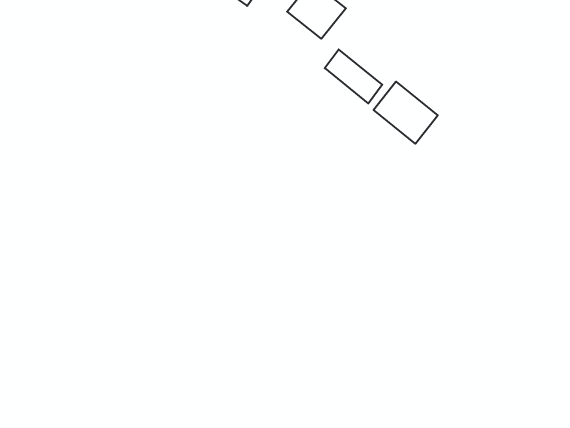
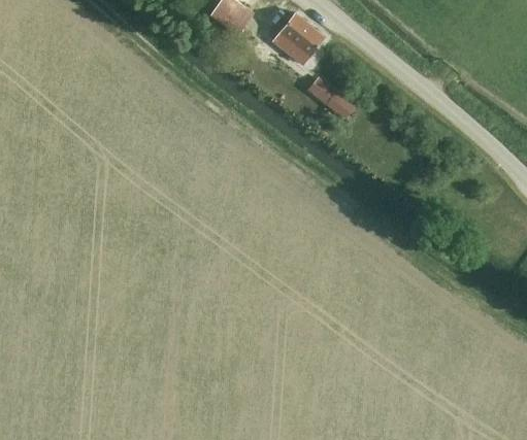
building: [374,82,438,144] -> none

